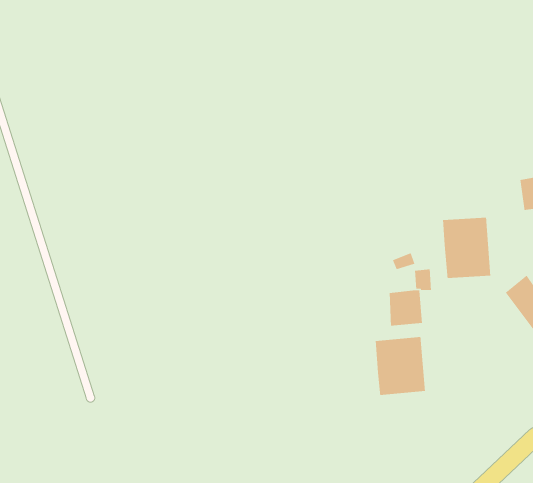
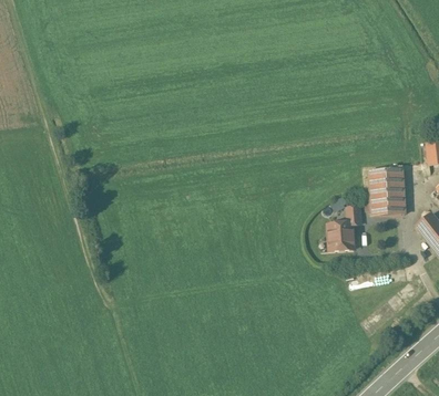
building: [375,336,426,396] -> none

